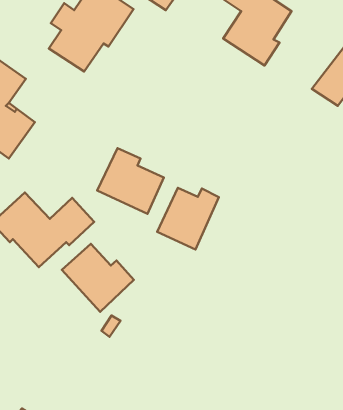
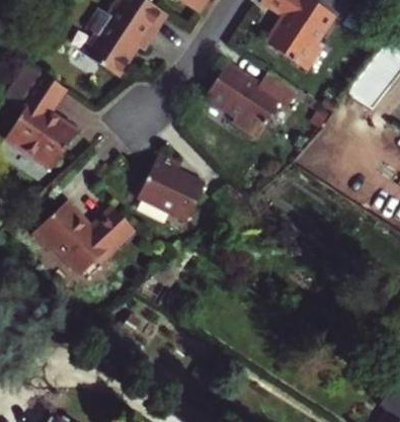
building: none -> [202,62,295,137]
building: [157,188,219,249] -> none
building: [62,244,134,312] -> none

